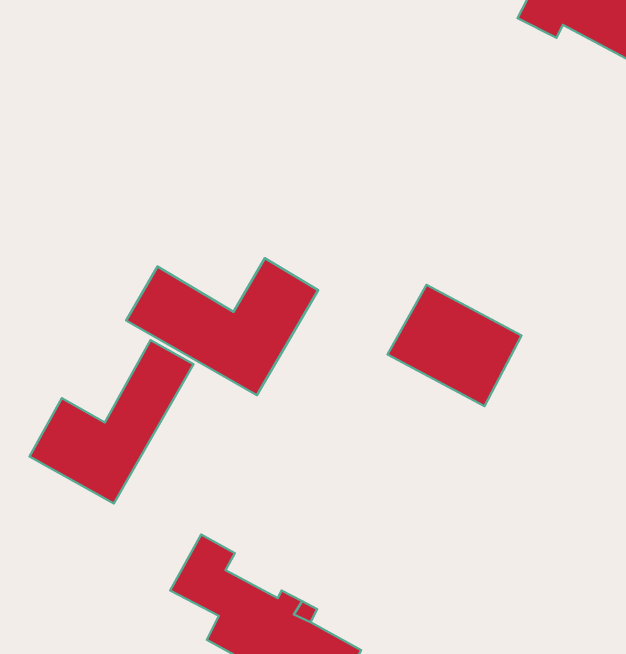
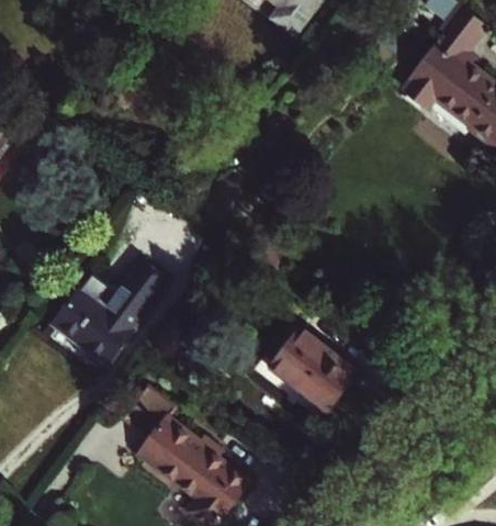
building: [126,258,318,395] -> none
building: [387,285,522,406] -> [268,328,356,412]

